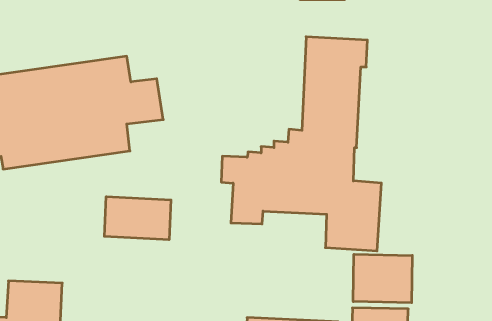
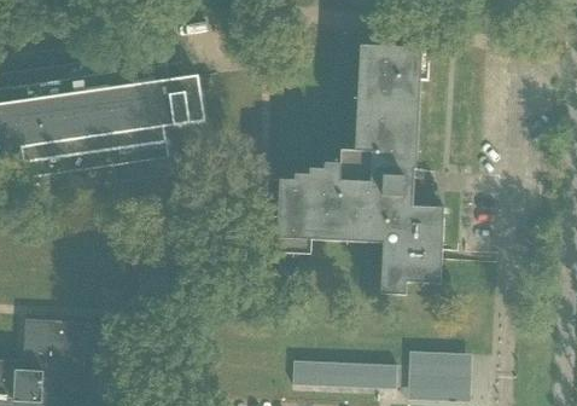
building: [104,197,171,240] -> none
building: [353,254,412,303] -> none

